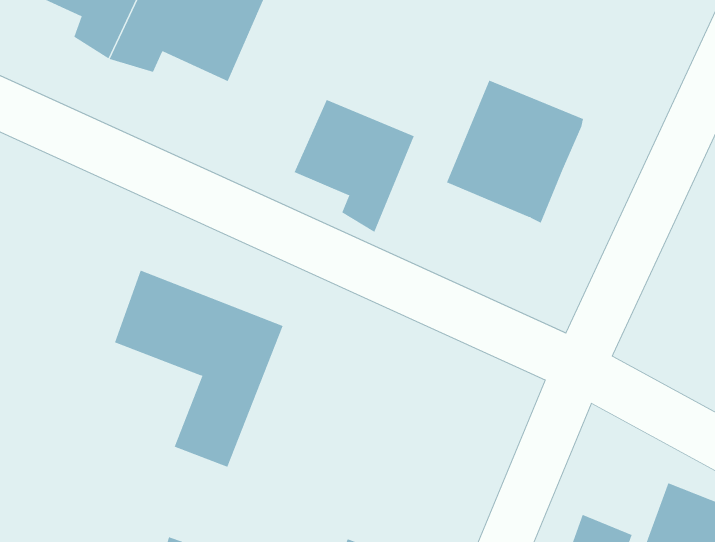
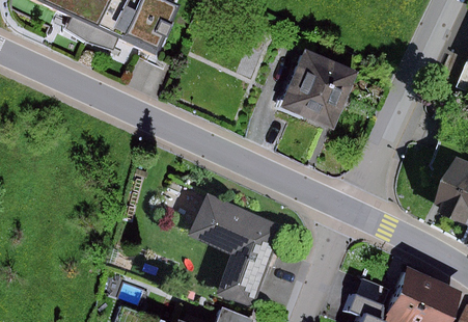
building: [294,99,415,233] -> none
building: [114,270,284,467] -> [200,194,295,304]

